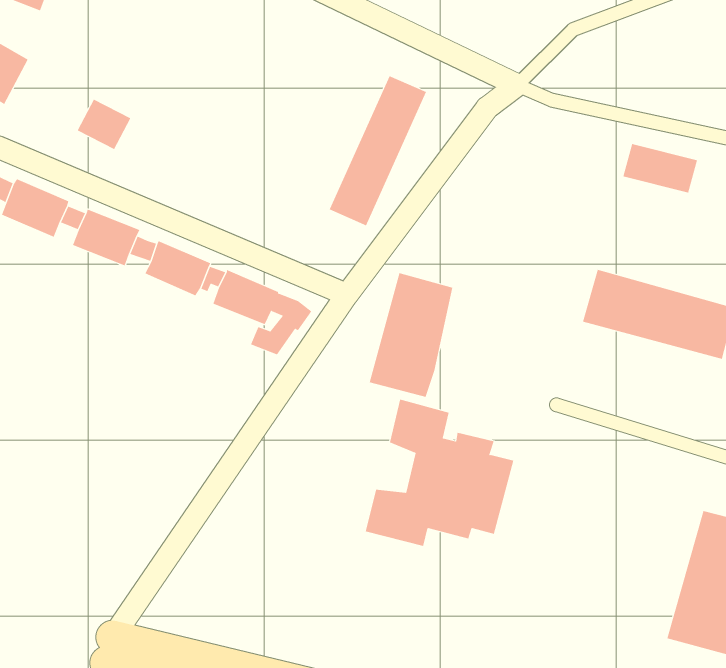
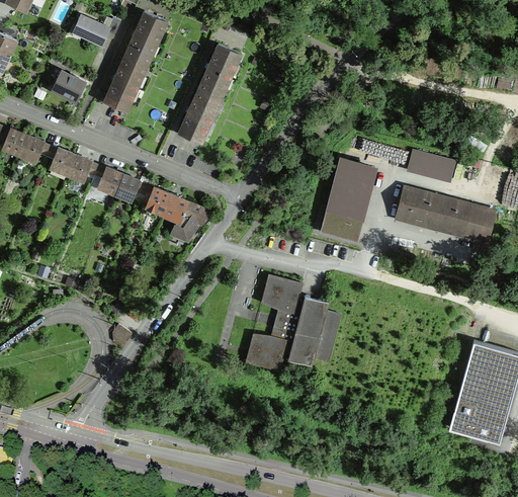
building: none -> [103,11,171,113]
building: none -> [74,16,109,45]
building: [329,75,427,226] -> [179,44,245,145]
building: [622,143,698,193] -> [405,149,455,182]
building: [369,272,453,398] -> [317,158,373,242]

